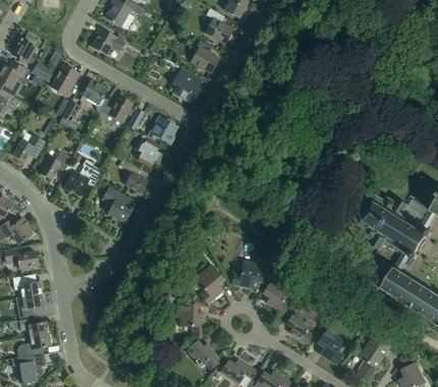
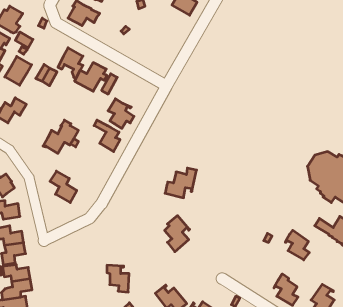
building: [191,41,216,71] -> none
building: [50,64,79,96] -> [5,56,32,85]
building: [172,69,201,103] -> none
building: [149,117,177,143] -> none
building: [40,151,71,179] -> none
building: [102,187,131,222] -> [50,171,77,203]
building: [231,256,266,288] -> [165,168,197,198]
building: [263,280,289,314] -> none
building: [178,303,203,333] -> [107,265,129,292]
building: [286,311,313,343] -> [285,230,309,260]

